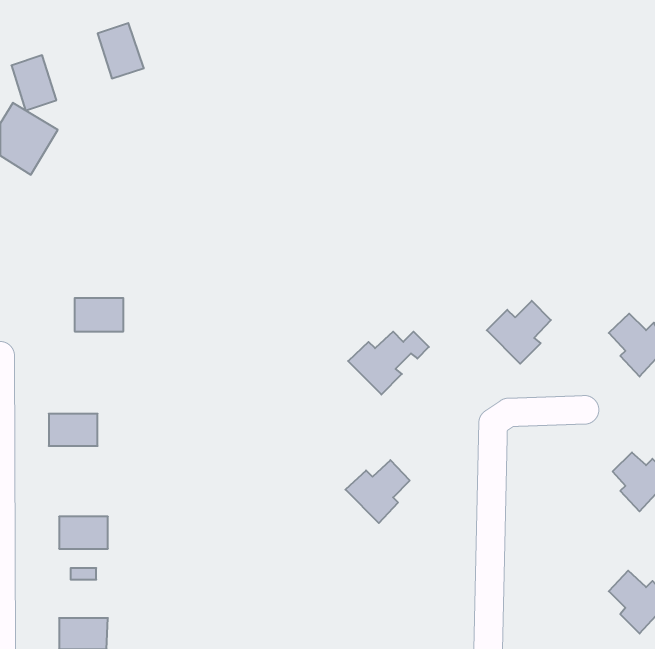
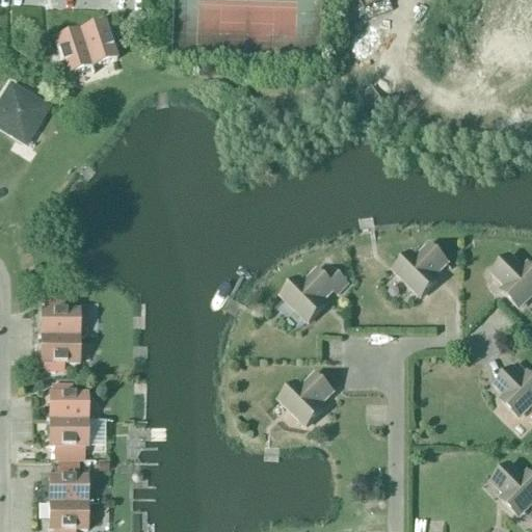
building: [11,55,56,110] -> [55,27,91,72]
building: [75,298,123,331] -> [41,308,80,335]
building: none -> [49,391,88,418]
building: none -> [49,474,88,500]

